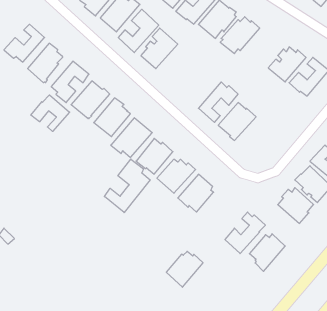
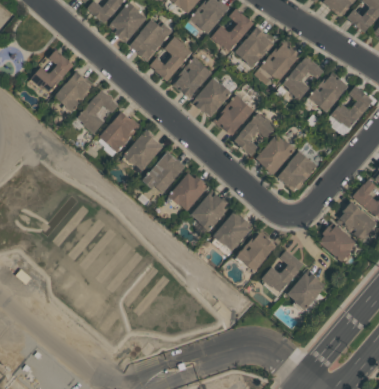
building: none -> [282,55,324,100]
building: none -> [191,78,231,117]
building: none -> [213,95,254,137]
building: [31,95,70,131] -> none
building: none -> [277,150,318,191]
building: [104,159,150,213] -> none
building: [166,251,203,287] -> [237,235,276,273]

